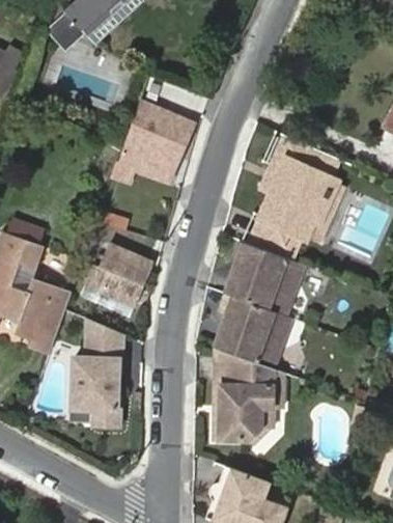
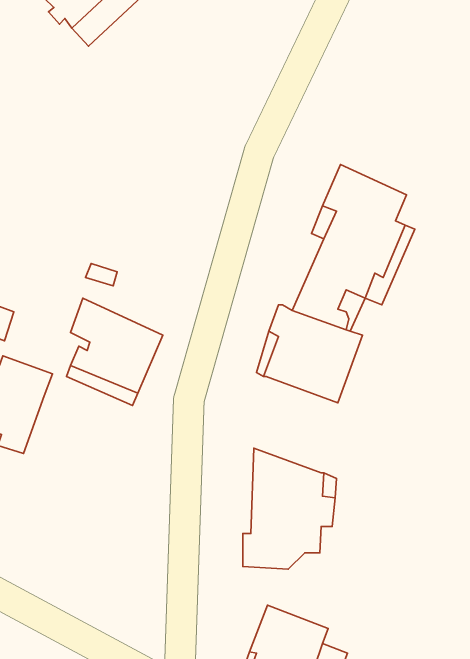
building: [118,105,193,183] -> none
building: [216,295,289,367] -> none
building: [72,319,122,425] -> none

